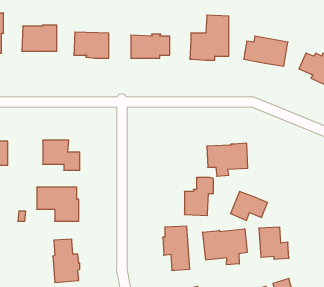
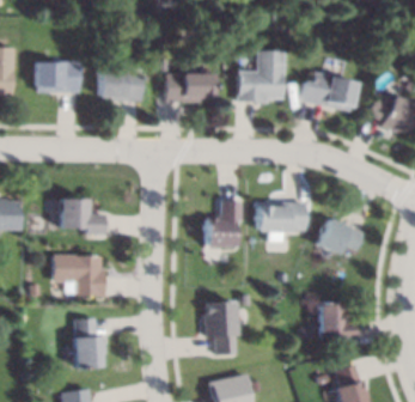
building: [184,178,213,216] -> [206,201,240,246]
building: [231,191,268,220] -> [318,219,362,254]
building: [203,229,247,265] -> none

